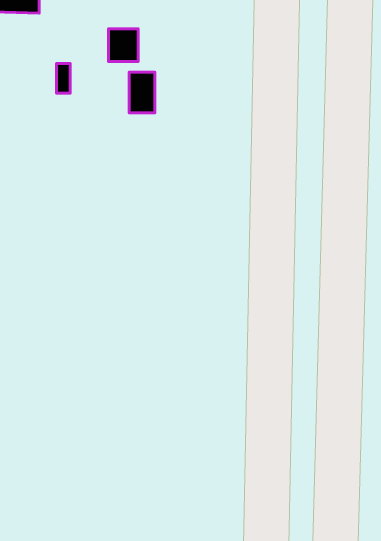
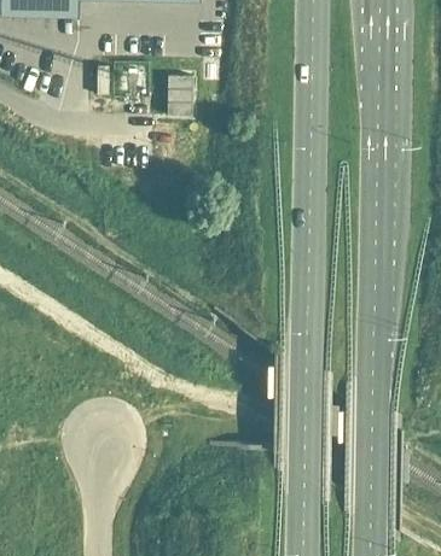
building: [109,29,138,61] -> none

